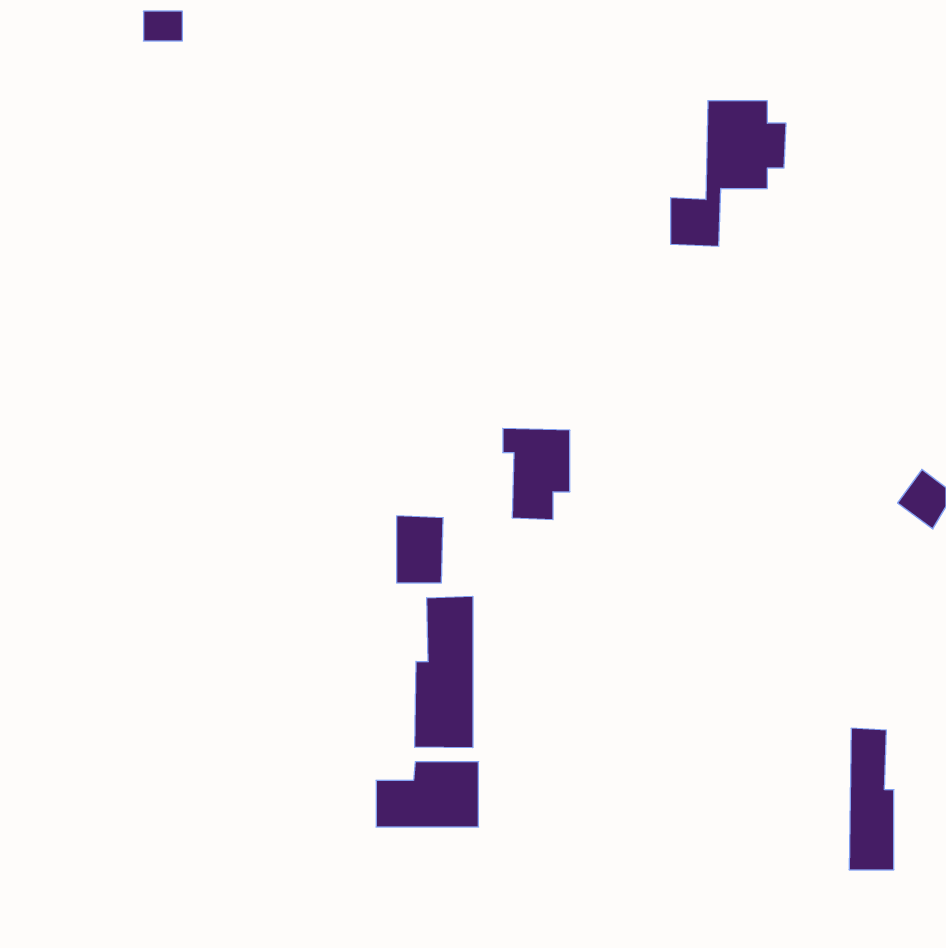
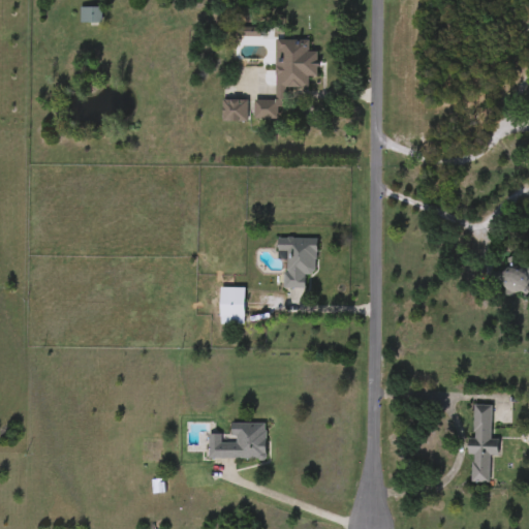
building: [671,101,786,246] -> [254,38,318,119]
building: none -> [222,99,246,121]
building: [415,596,473,748] -> none

